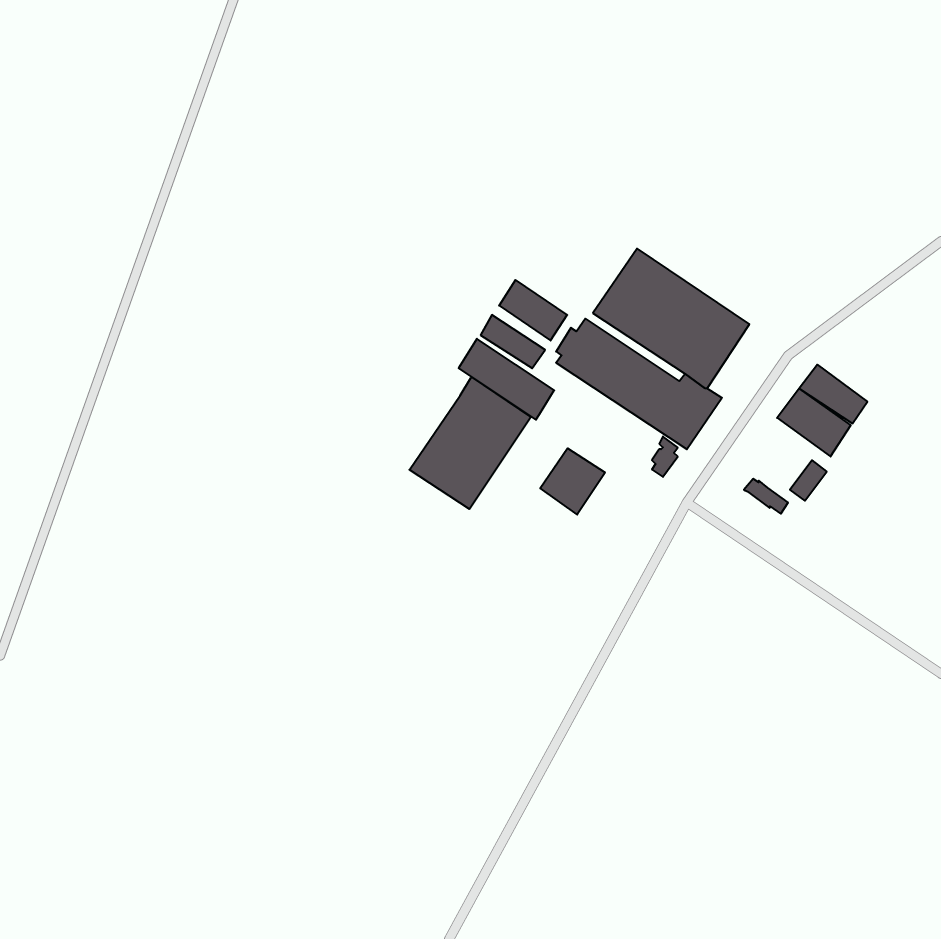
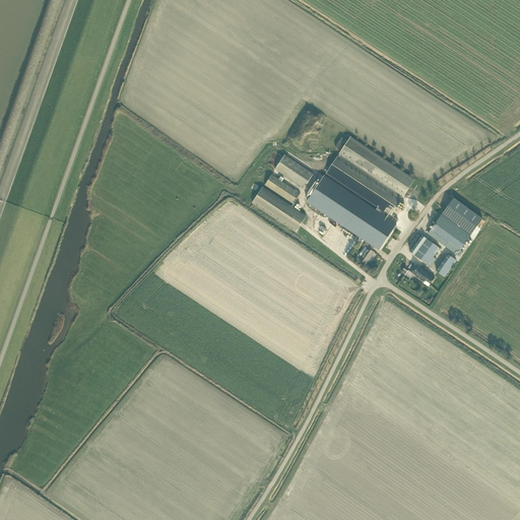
building: [409,377,531,509] -> none
building: none -> [409,235,440,266]
building: [540,448,605,515] -> none

